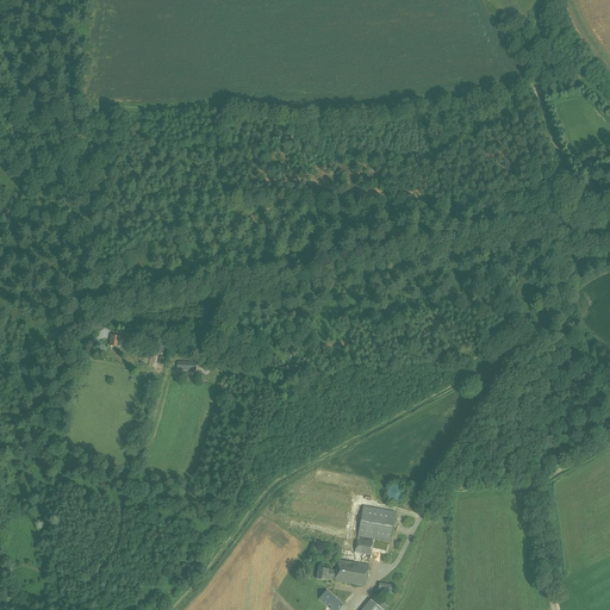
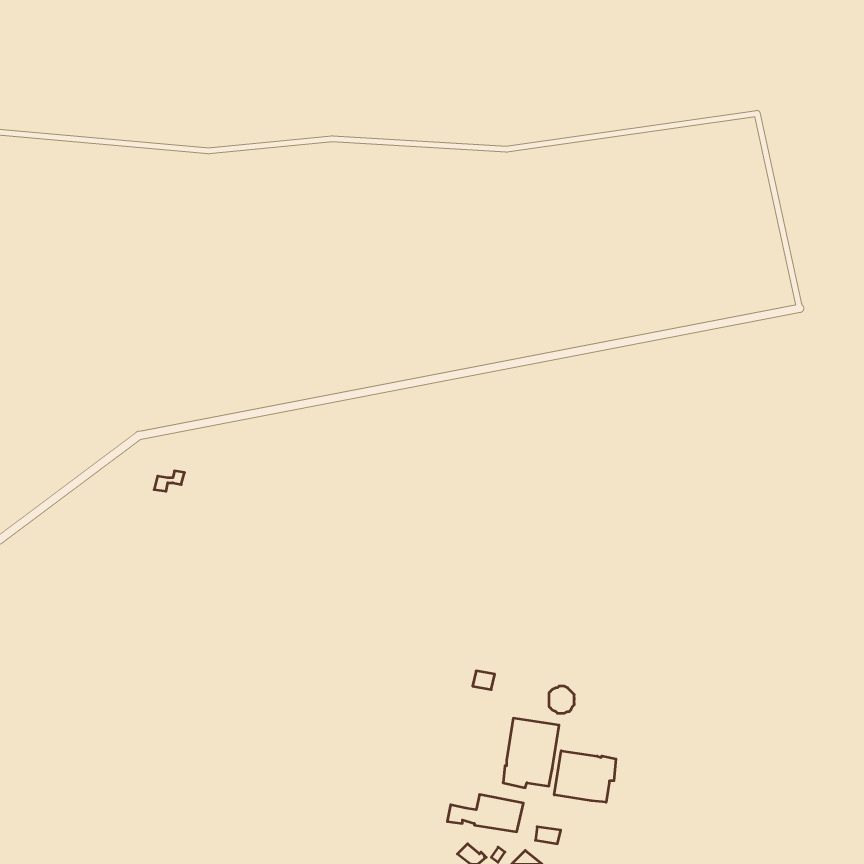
building: none -> [554,751,616,802]

